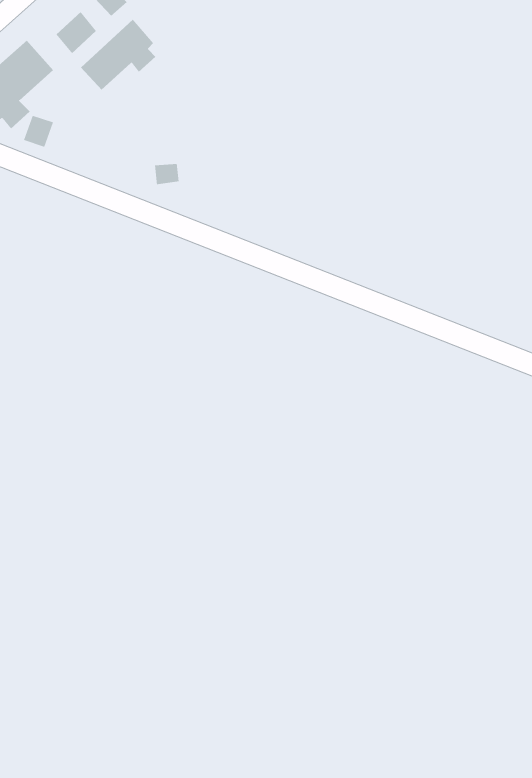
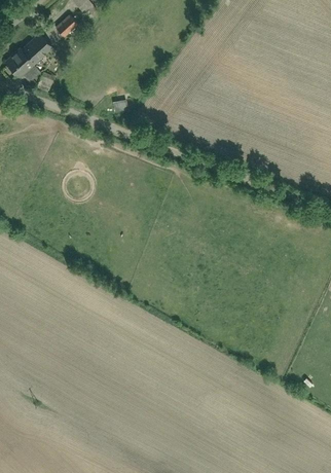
building: [80,19,156,91] -> none

